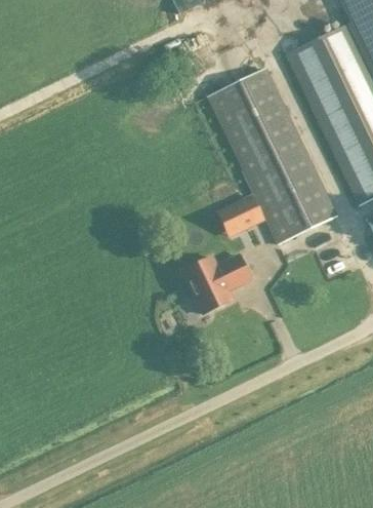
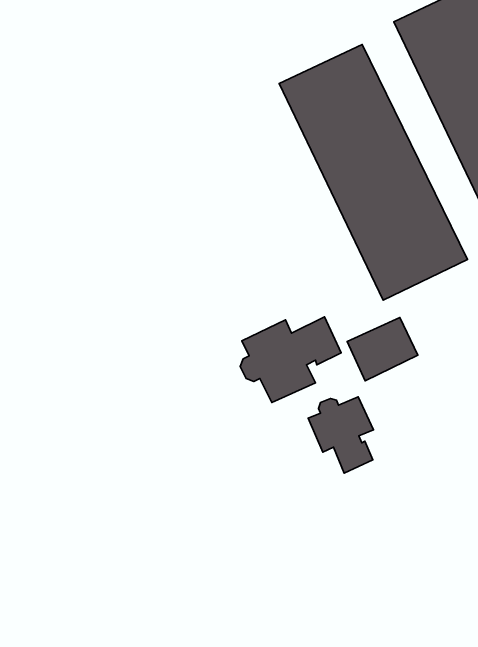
building: [218,193,266,236] -> [347,317,418,381]
building: none -> [308,397,373,473]

